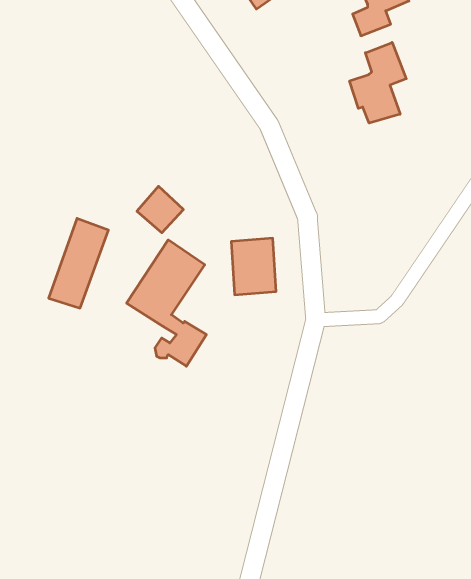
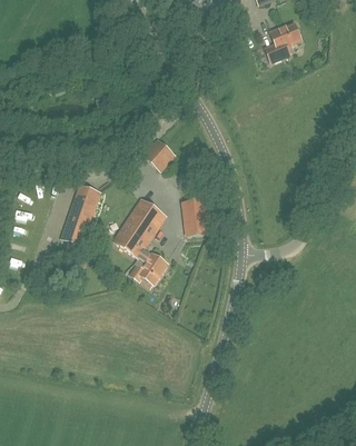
building: [350,42,406,123] -> none
building: [137,186,183,233] -> [144,139,175,170]

